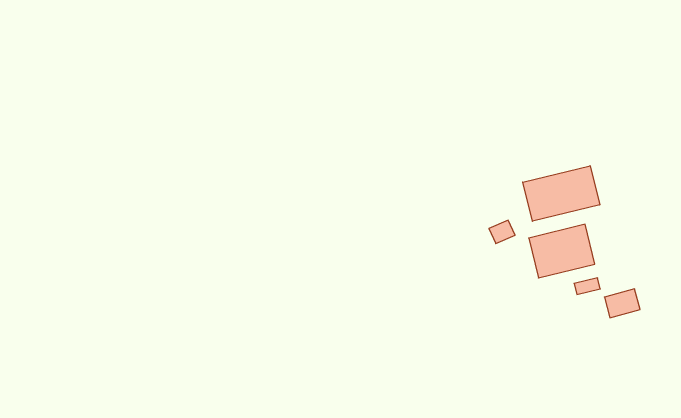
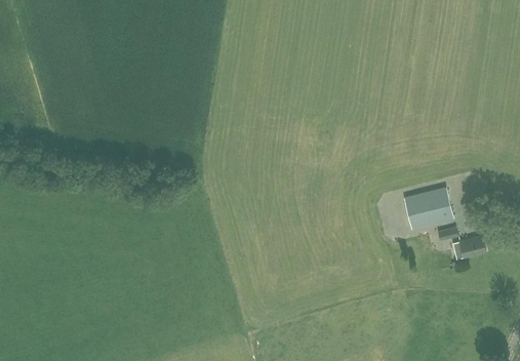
building: [523,166,600,221] -> none

